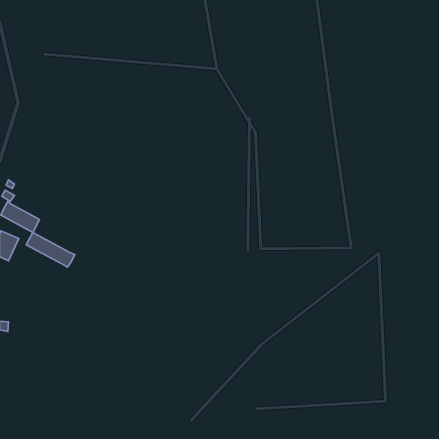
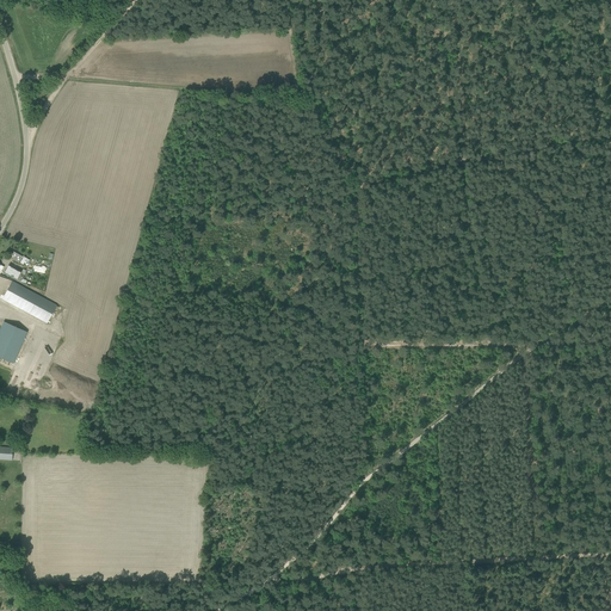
building: [26,233,75,267] -> none

